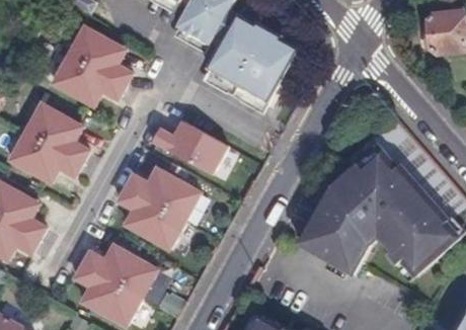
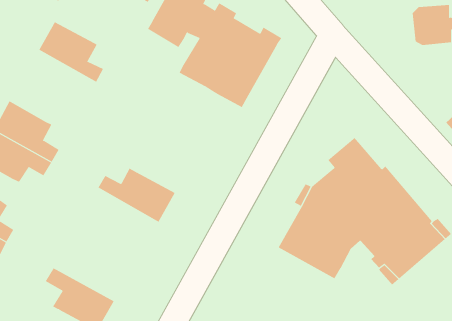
building: [52,54,124,105] -> none
building: [150,120,226,174] -> none
building: [118,186,183,248] -> none
building: [82,244,156,296] -> none

